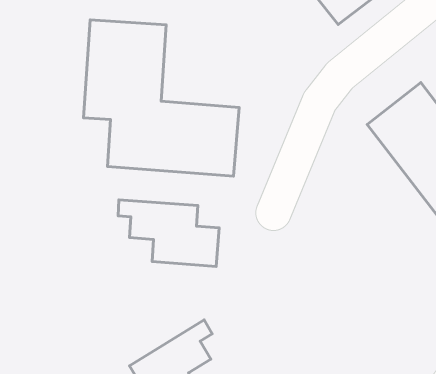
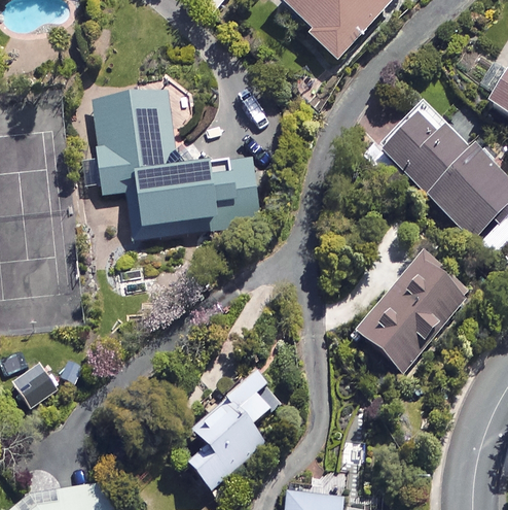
building: [118,200,219,267] -> none
building: none -> [355,252,472,373]

